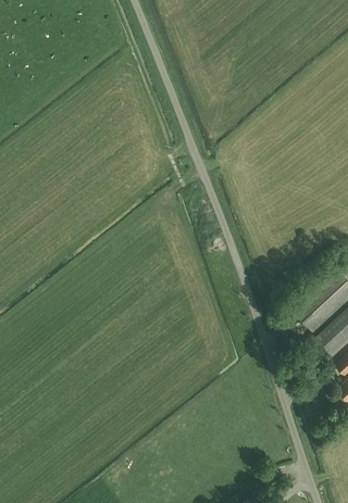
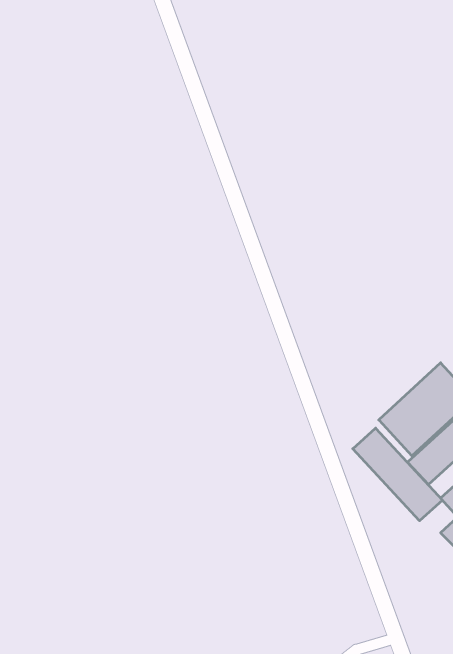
building: none -> [353,428,442,521]

